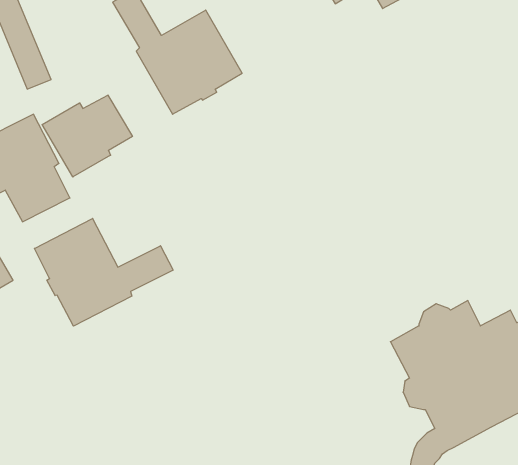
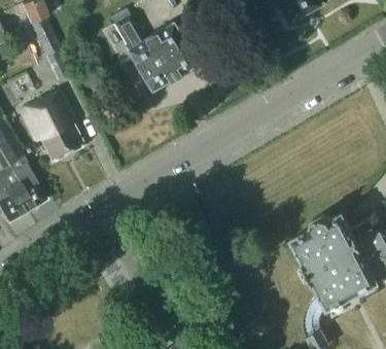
building: [42,95,132,177] -> none
building: [34,218,173,326] -> none

